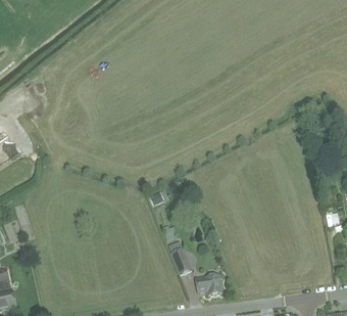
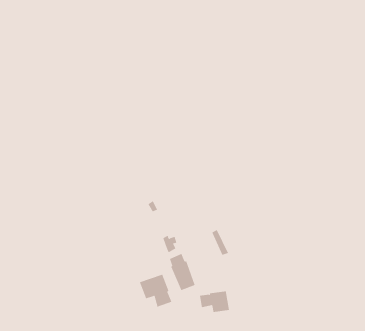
building: none -> [139,274,172,307]

